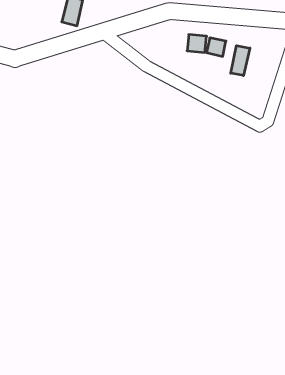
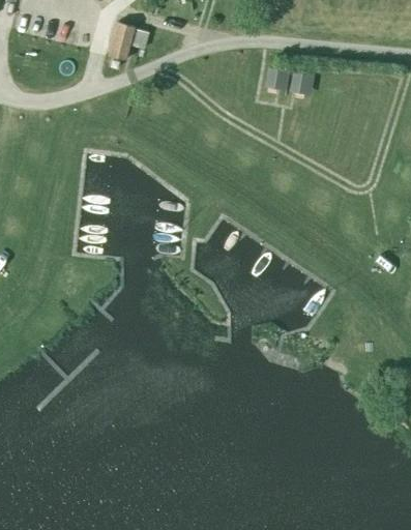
building: [231,46,250,76] -> none

